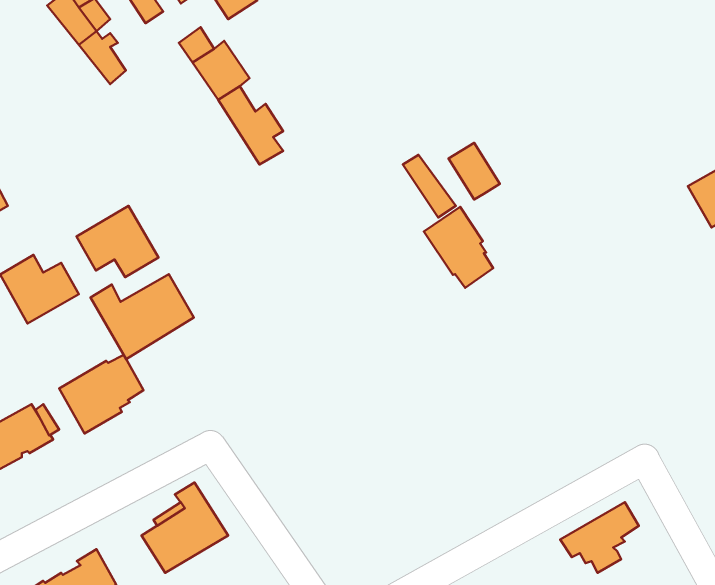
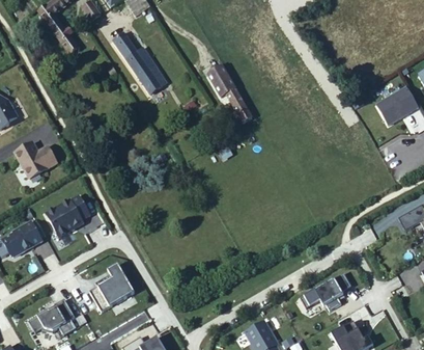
building: [449,143,500,200] -> [207,68,234,98]
building: [77,206,158,277] -> none
building: [424,207,493,288] -> none
building: [91,274,194,359] -> none

